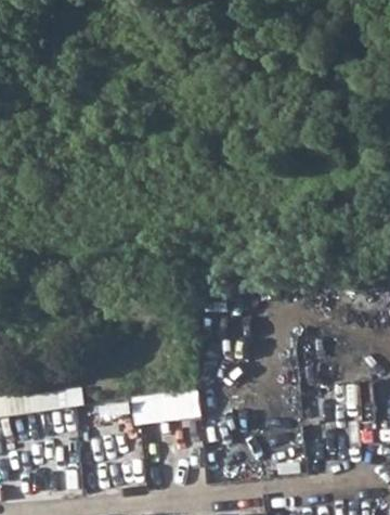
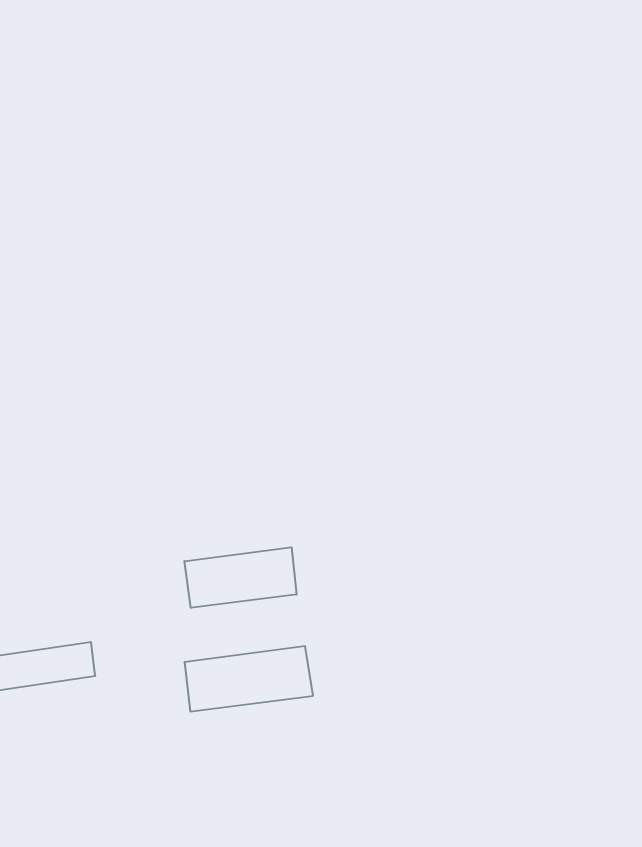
building: none -> [184,547,296,608]

